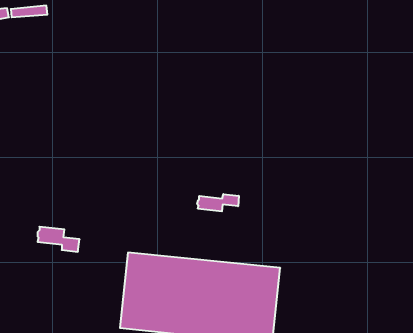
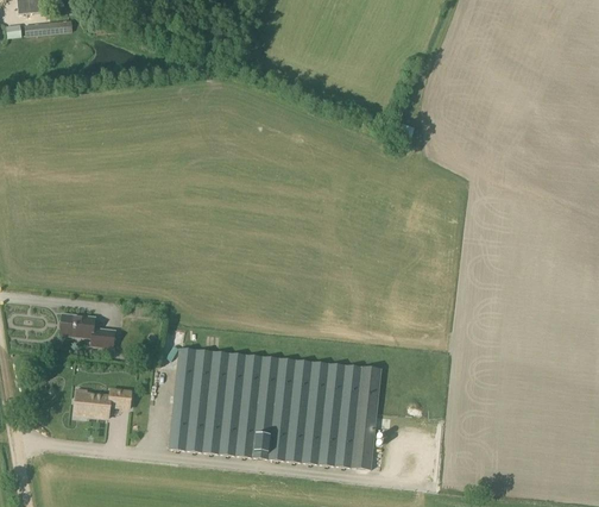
building: [197,194,239,211] -> none
building: none -> [74,389,130,418]

